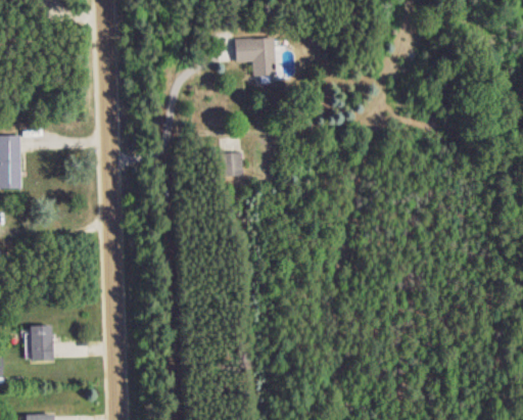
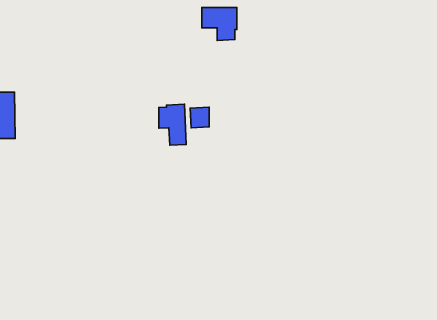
building: none -> [159,104,186,145]
building: [30,325,51,360] -> none

